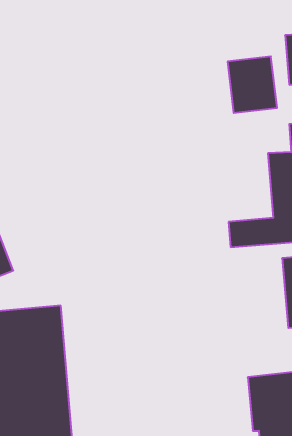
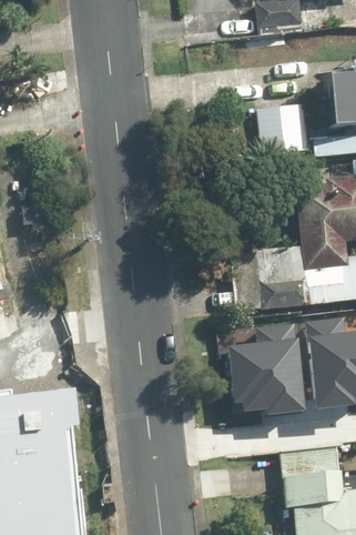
building: none -> [235,326,302,405]

